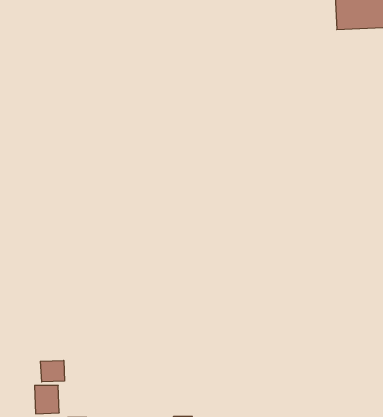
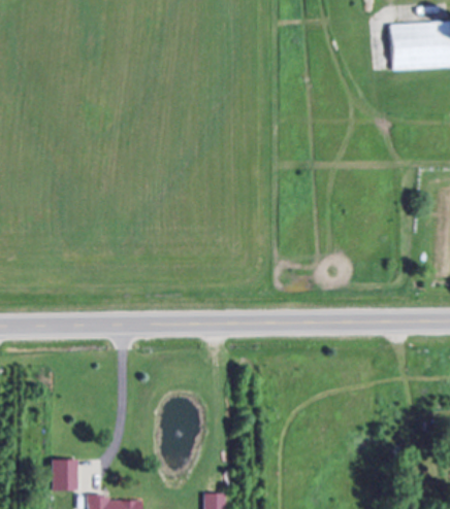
building: [40,360,64,382] -> none

